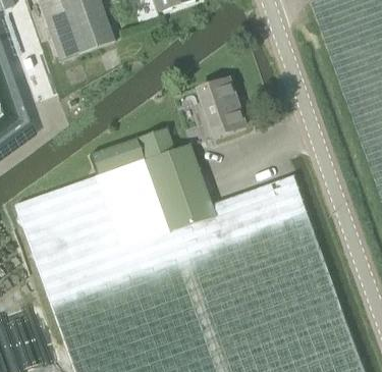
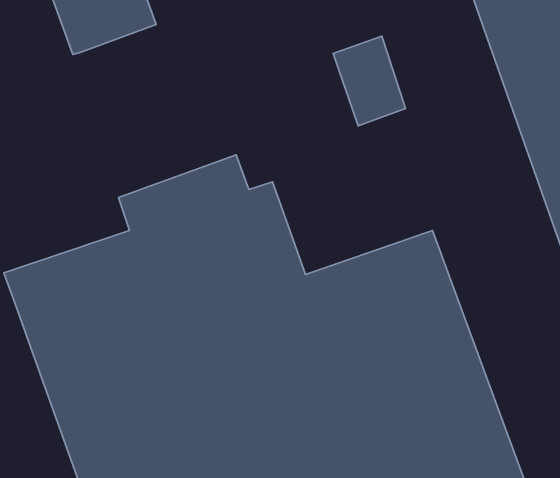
building: [198,82,244,140] -> [333,36,405,126]

